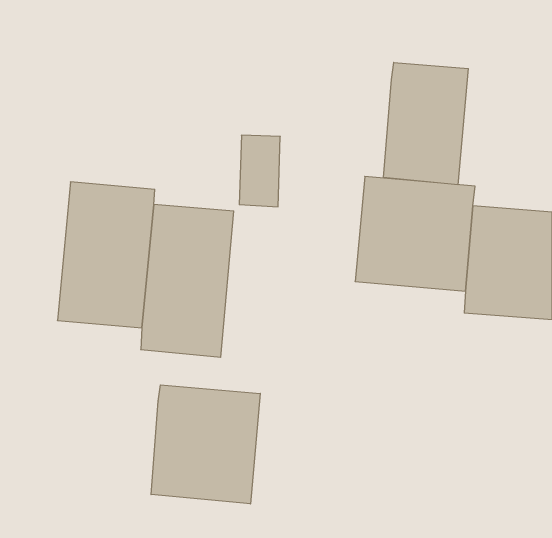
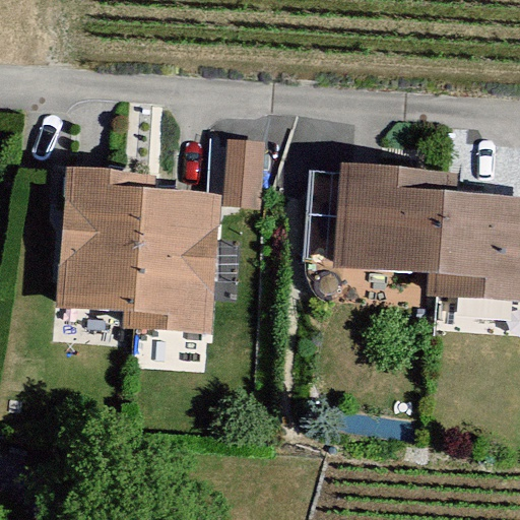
building: [384,62,468,185] -> none
building: [151,385,260,504] -> none

